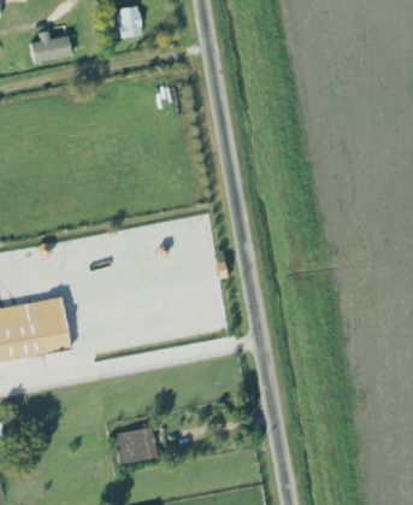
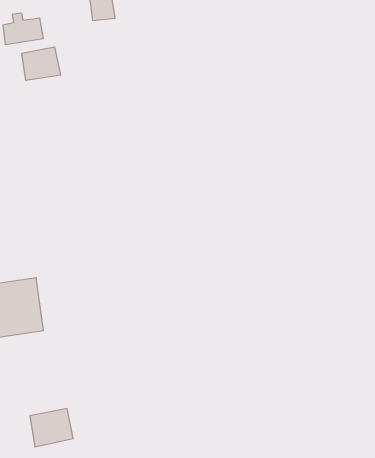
building: none -> [22,47,61,81]
building: [113,425,157,464] -> [30,409,73,447]

